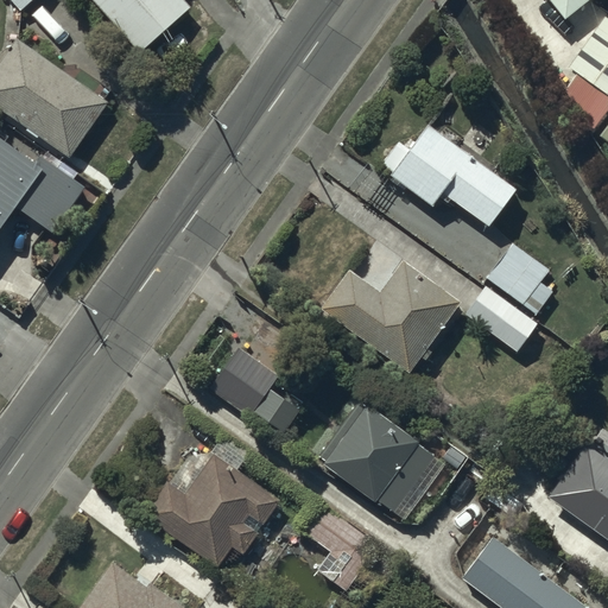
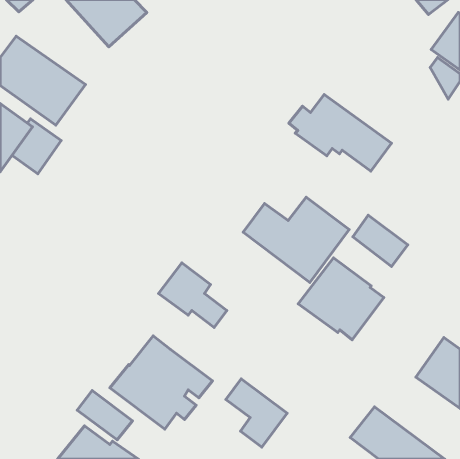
building: [484,242,553,315] -> none
building: [322,404,435,512] -> [298,258,384,340]
building: none -> [77,390,133,440]

